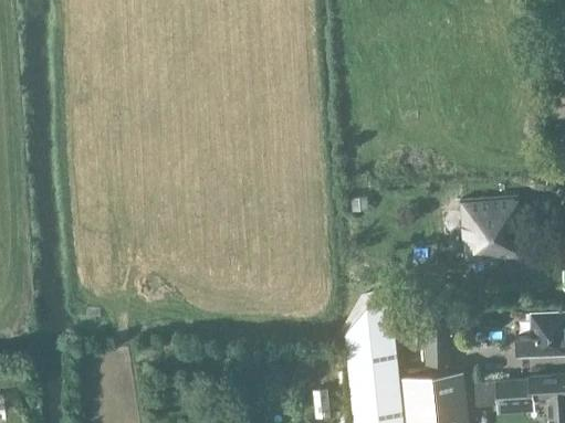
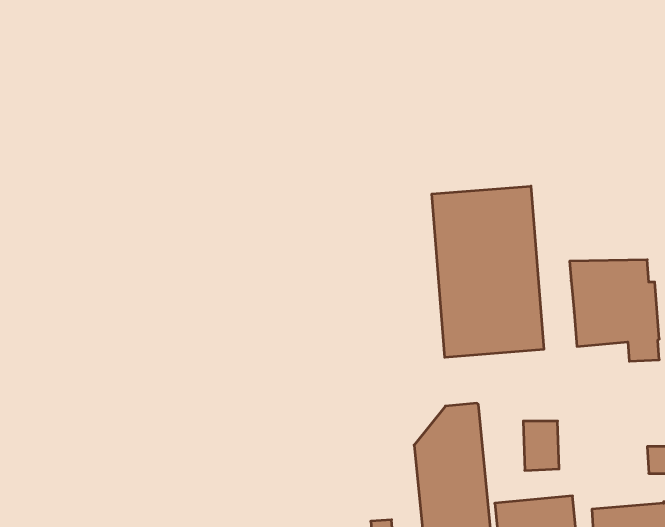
building: none -> [432,186,544,357]

